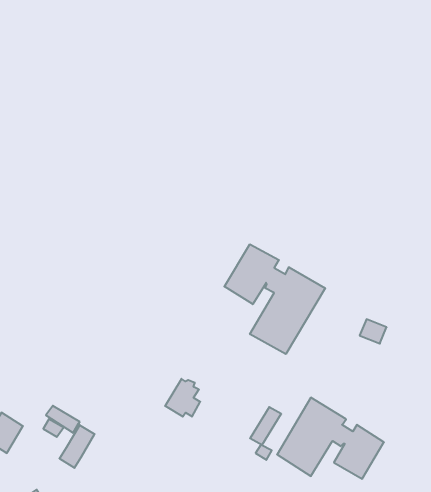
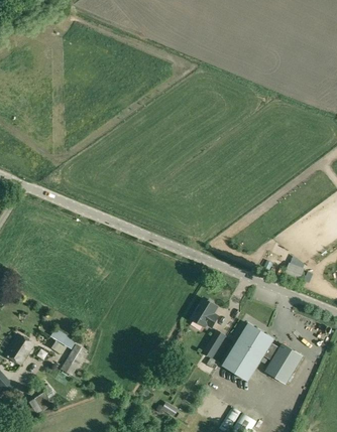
building: [224,244,325,354] -> none
building: [165,379,200,417] -> [191,299,217,327]

